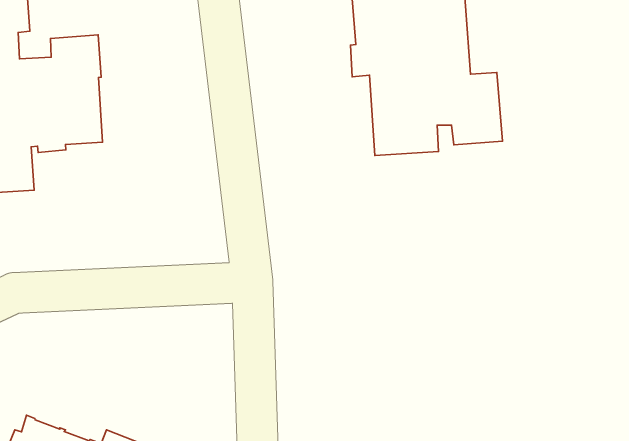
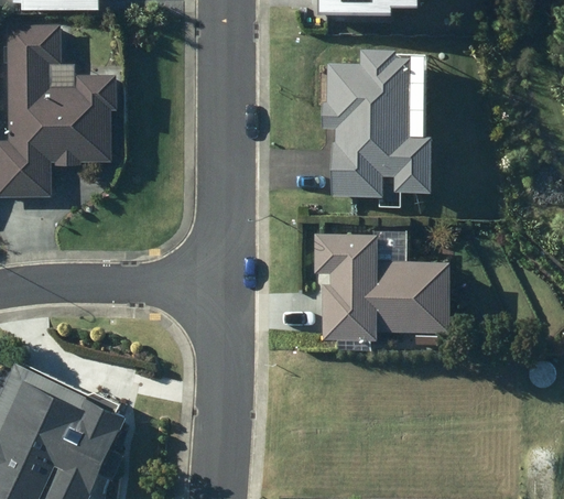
building: none -> [314,231,453,339]

